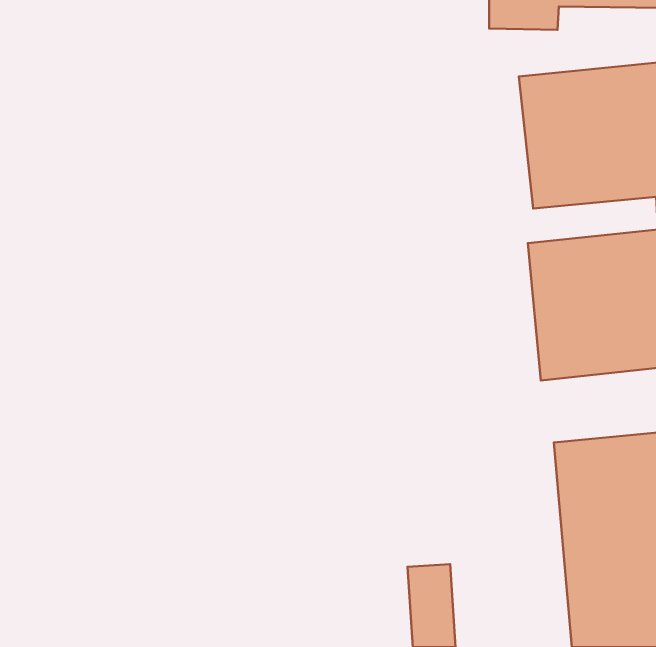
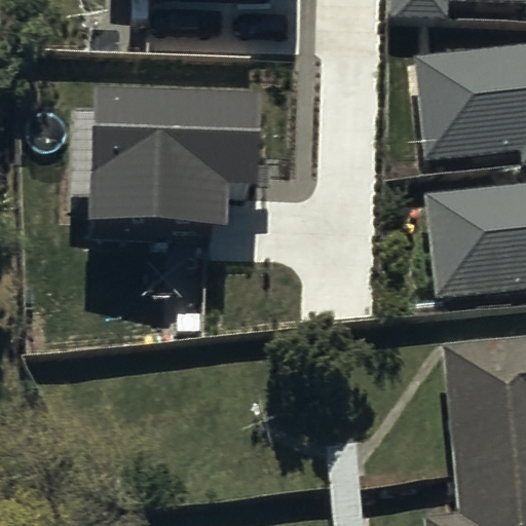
building: none -> [95,79,257,217]

